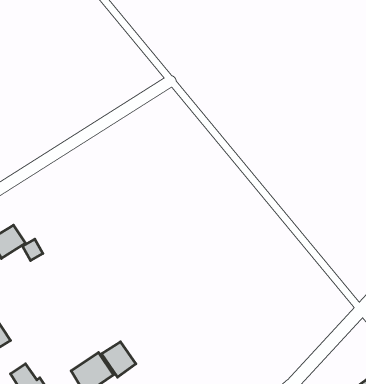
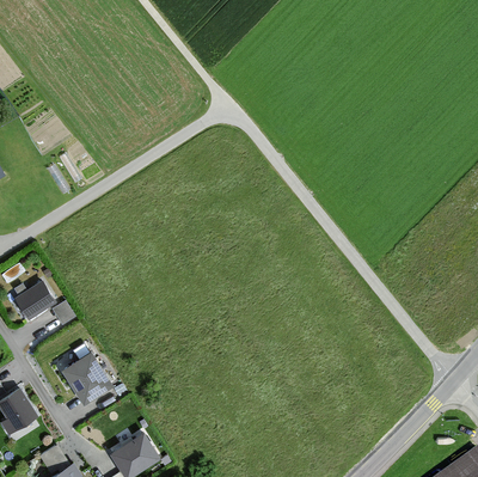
building: none -> [62,349,115,403]
building: [102,342,136,377] -> none

